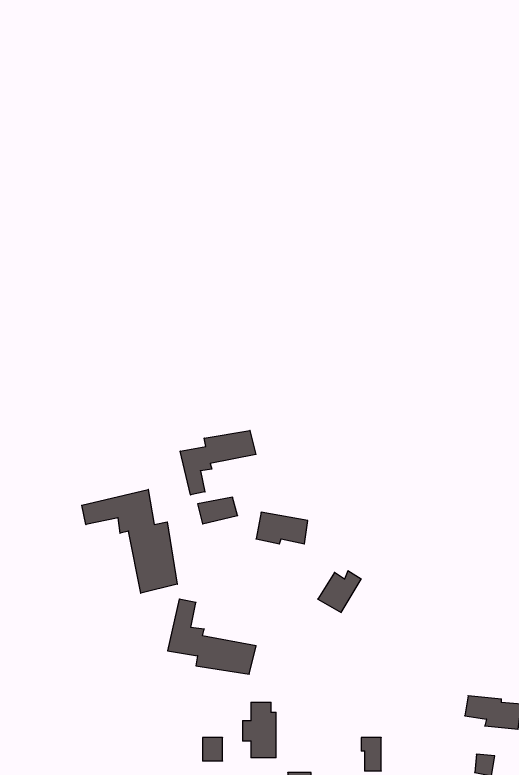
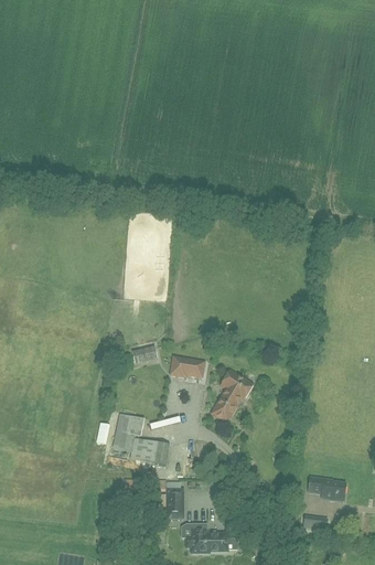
building: [180,430,256,495] -> none
building: [82,489,177,593] -> none
building: none -> [222,371,254,401]

